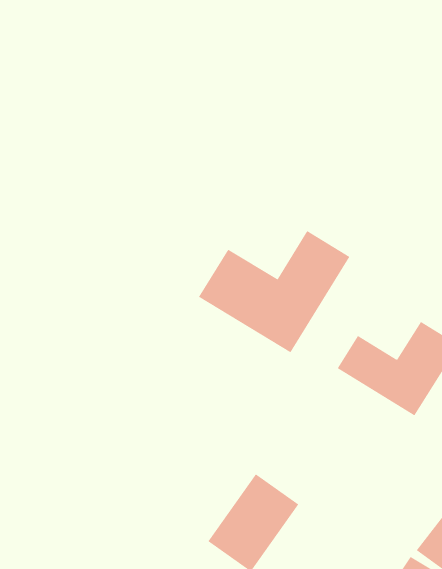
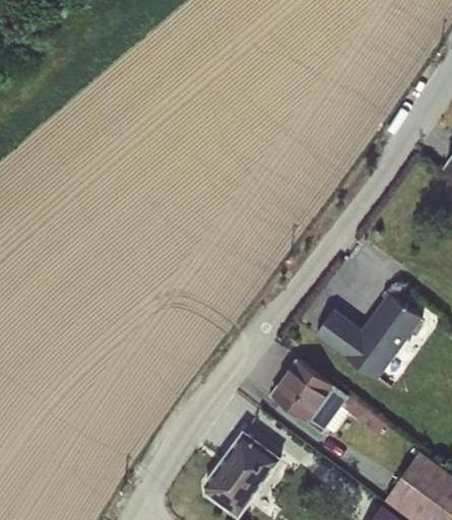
building: [198,230,350,353] -> none
building: none -> [271,359,356,439]

